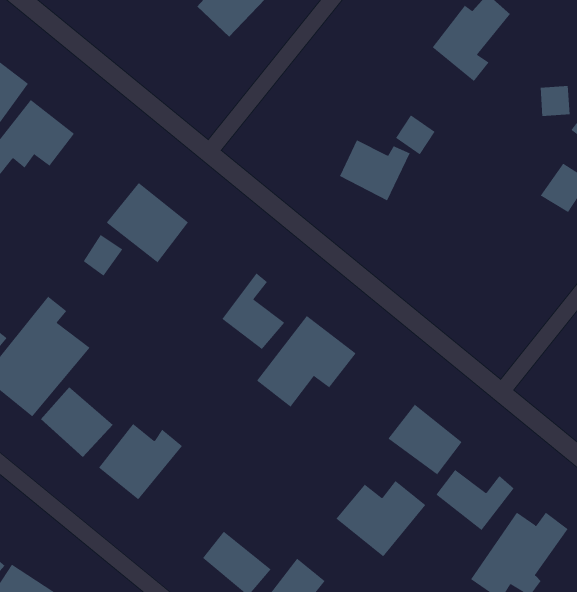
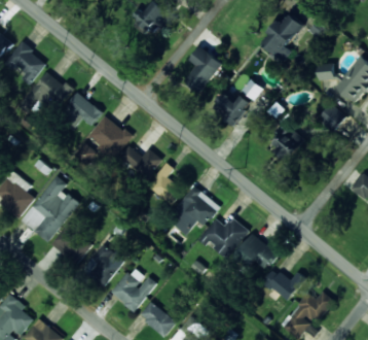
building: none -> [184,47,222,94]
building: none -> [62,93,102,126]
building: none -> [269,125,305,162]
building: none -> [119,146,162,179]
building: none -> [111,267,156,312]
building: [335,480,426,557] -> [200,217,249,259]

